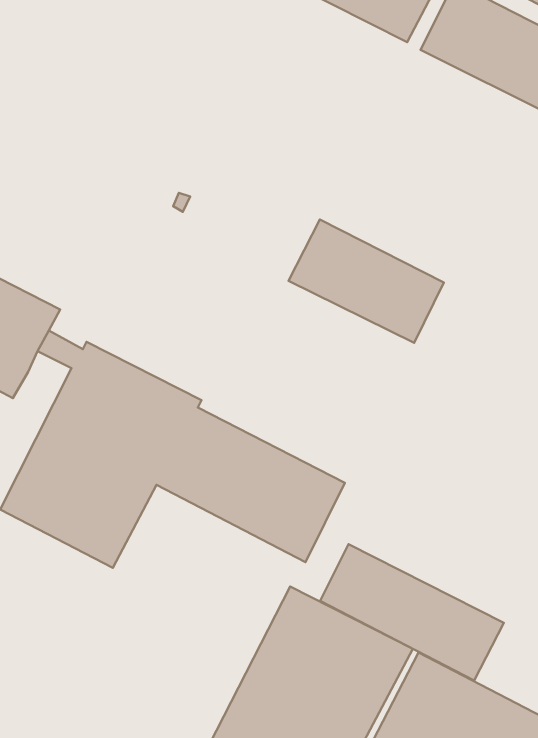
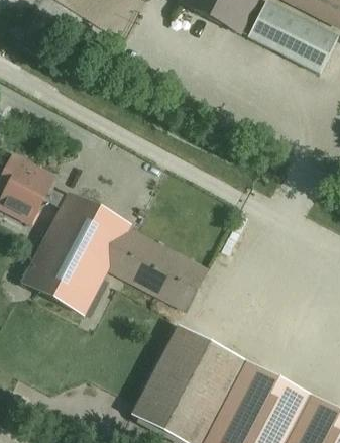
building: [289,219,444,343] -> none
building: [320,544,504,680] -> none

